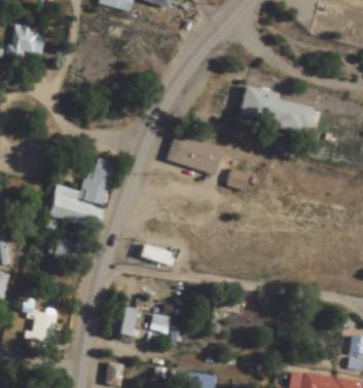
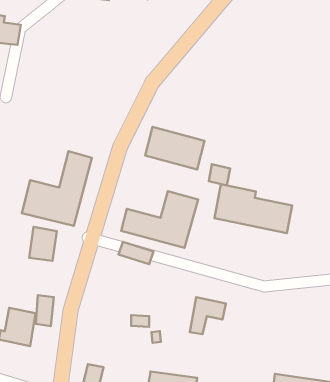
building: [237,84,312,131] -> [215,184,292,233]
building: none -> [121,191,198,248]
building: [119,306,137,336] -> [36,295,54,326]

